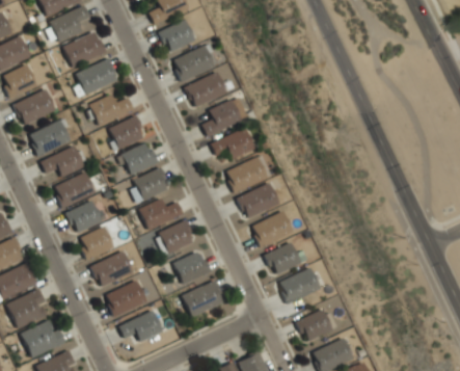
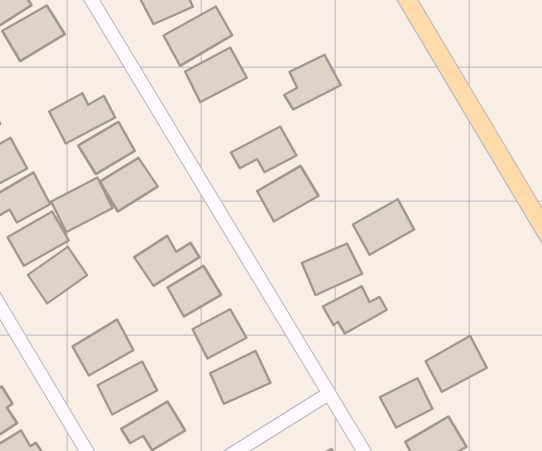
building: [74,58,117,95] -> none
building: [201,100,241,135] -> [284,55,341,109]
building: [129,167,170,203] -> [51,178,112,232]
building: [238,183,279,219] -> [353,199,414,255]
building: [77,226,114,260] -> none
building: [278,267,320,303] -> [425,336,487,392]

